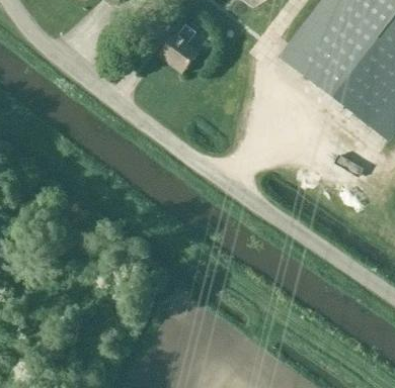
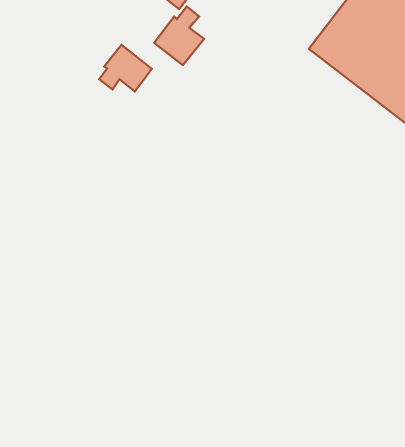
building: none -> [99,45,152,92]

